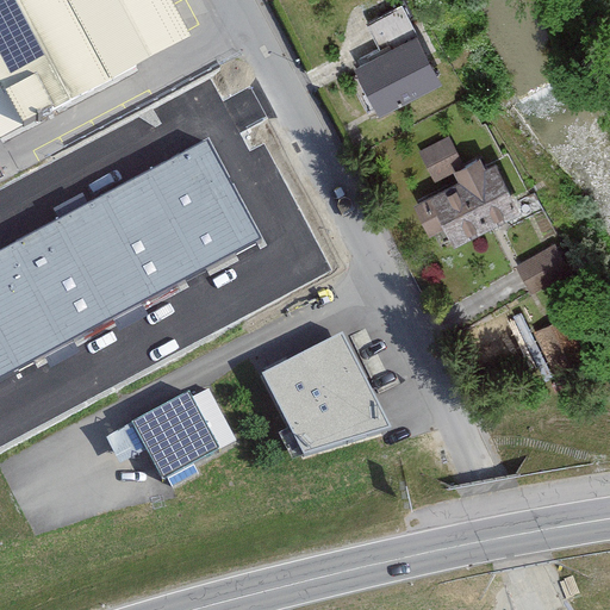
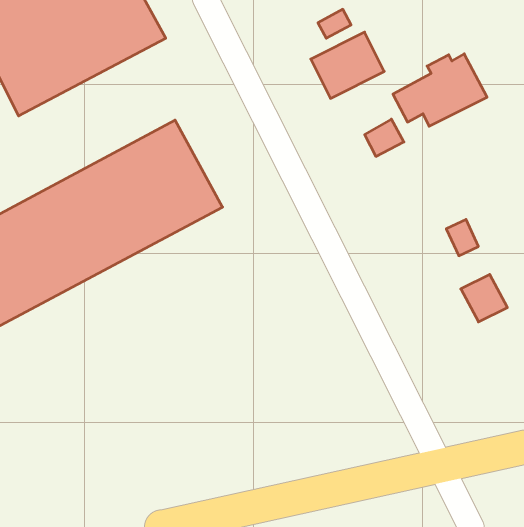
building: [418,158,527,242] -> [393,54,487,126]
building: [255,332,388,450] -> none
building: [136,399,223,481] -> none

